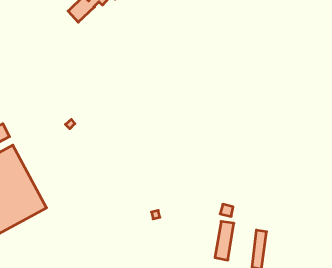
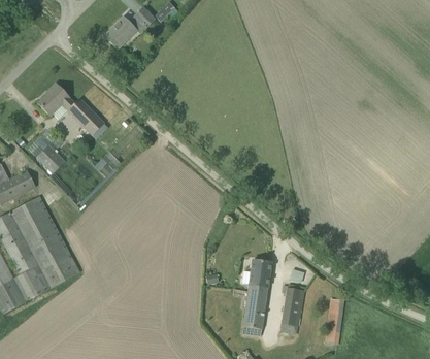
building: none -> [38,83,104,134]
building: none -> [37,144,65,172]
building: none -> [242,259,271,335]

